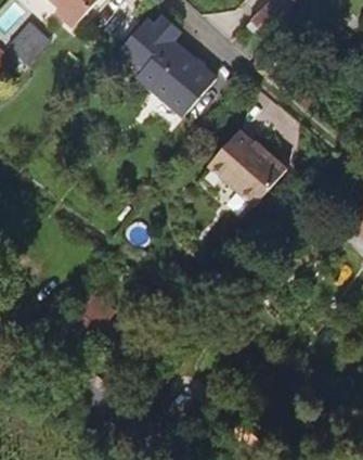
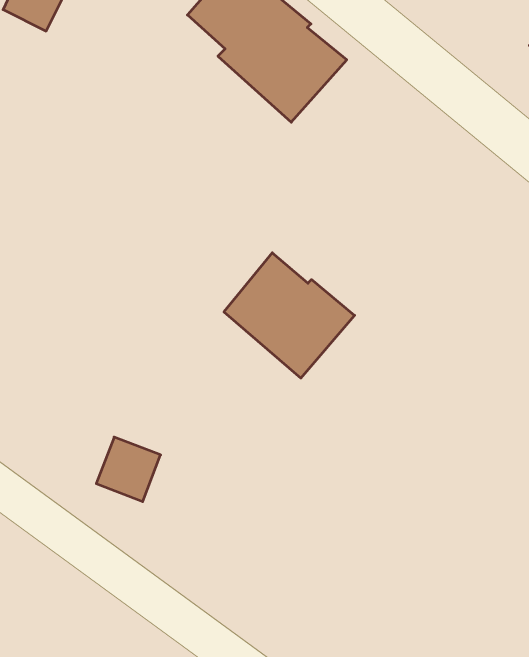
building: [213,126,293,202] -> [224,253,355,378]

